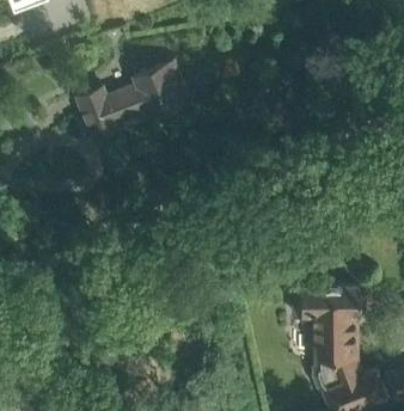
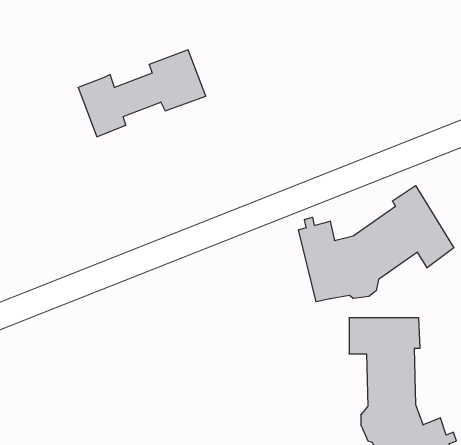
building: none -> [298,186,454,302]

